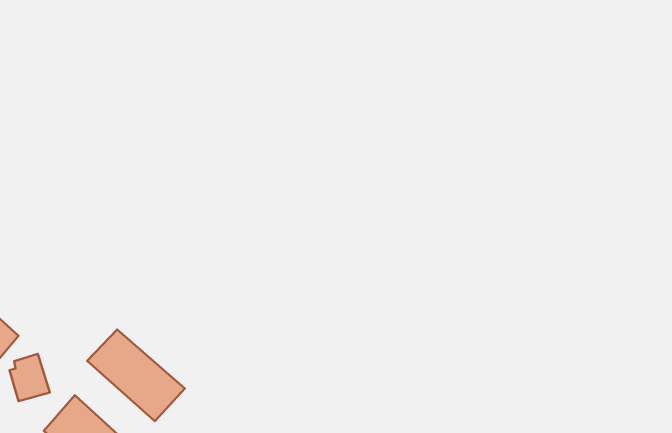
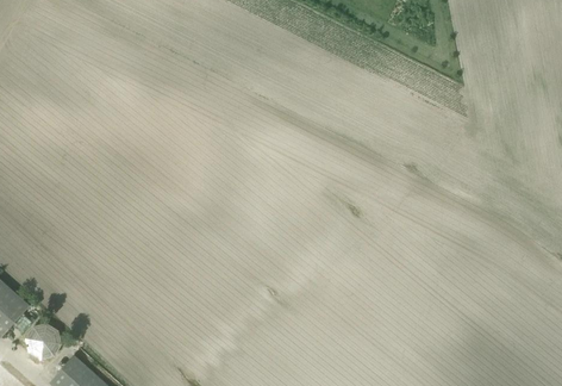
building: [87,329,185,421] -> none

